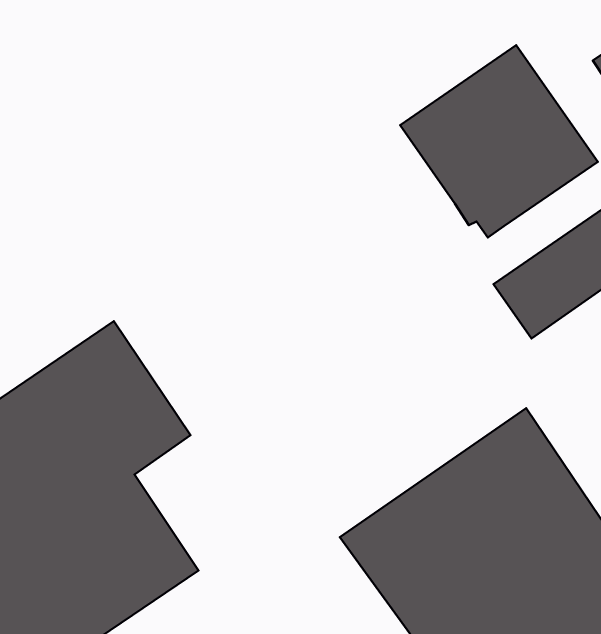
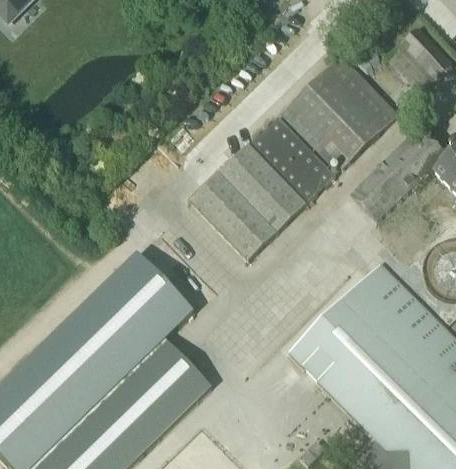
building: none -> [191,115,335,258]

